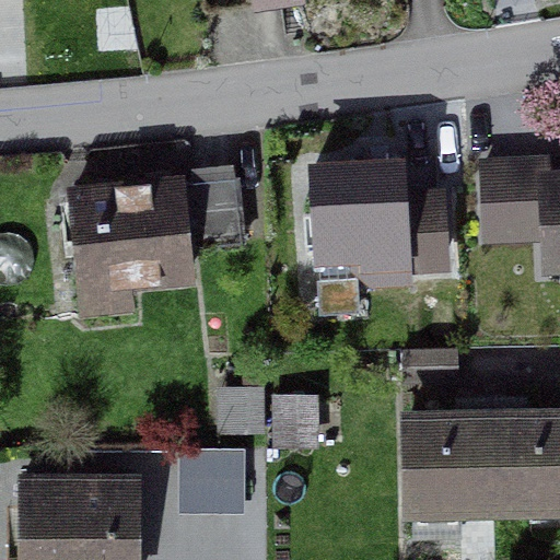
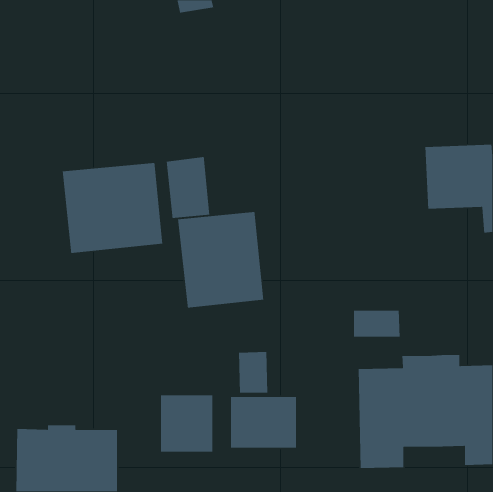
building: [301,166,441,279] -> none
building: none -> [177,211,264,309]
building: none -> [230,396,297,448]

